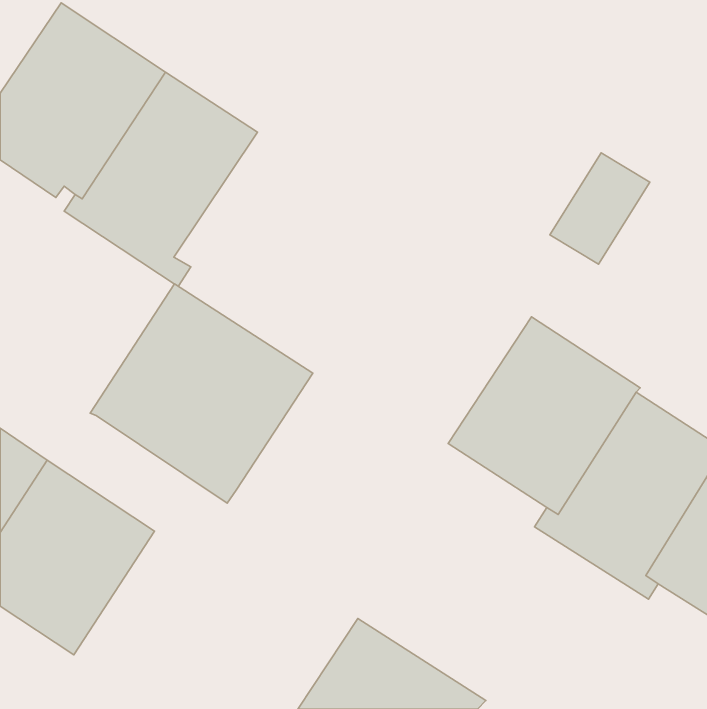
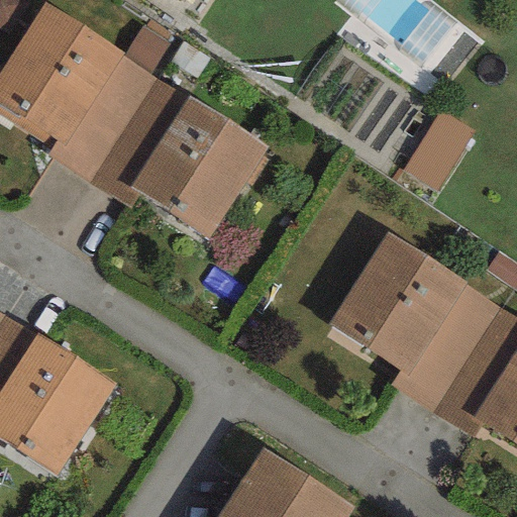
building: none -> [129,96,269,238]
building: [90,284,313,503] -> none

